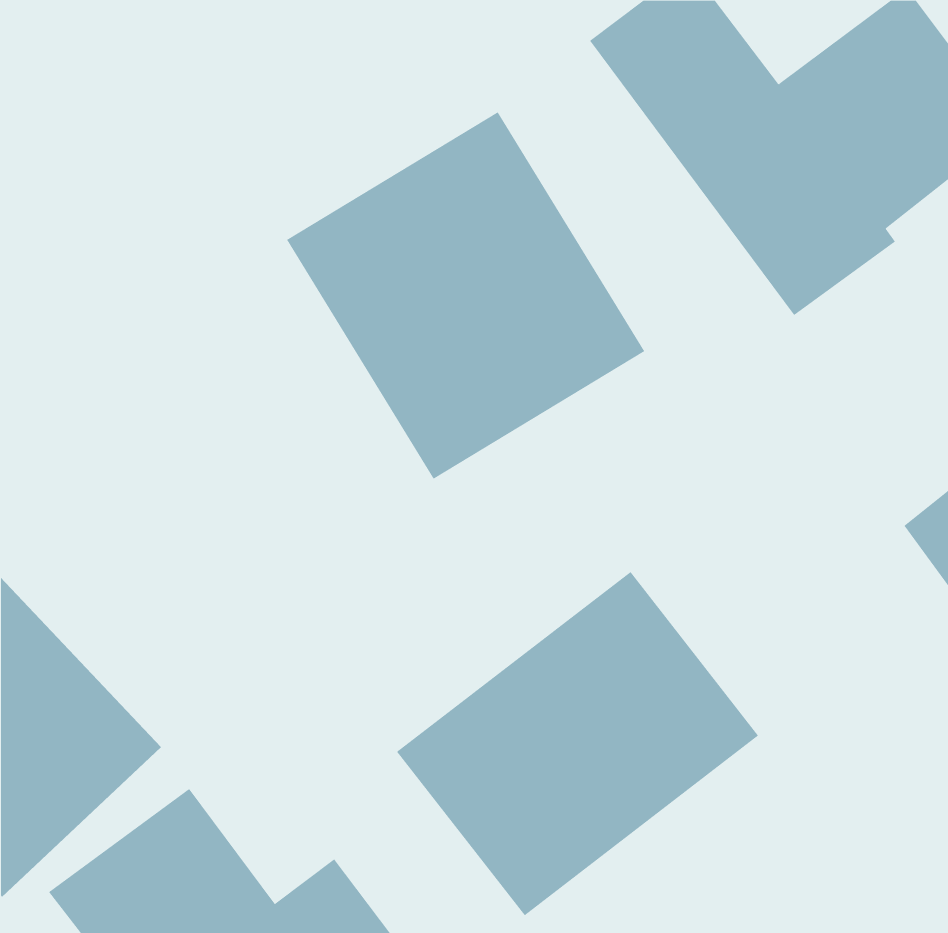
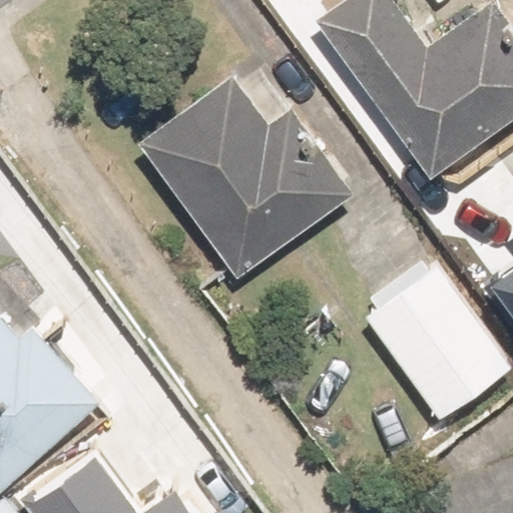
building: none -> [362,272,499,412]
building: [396,571,759,916] -> none

